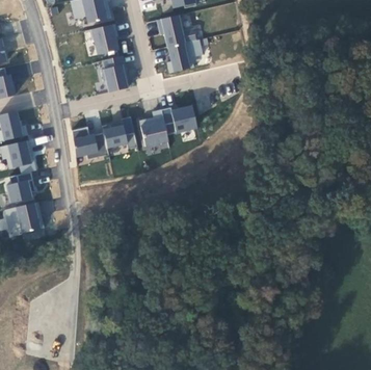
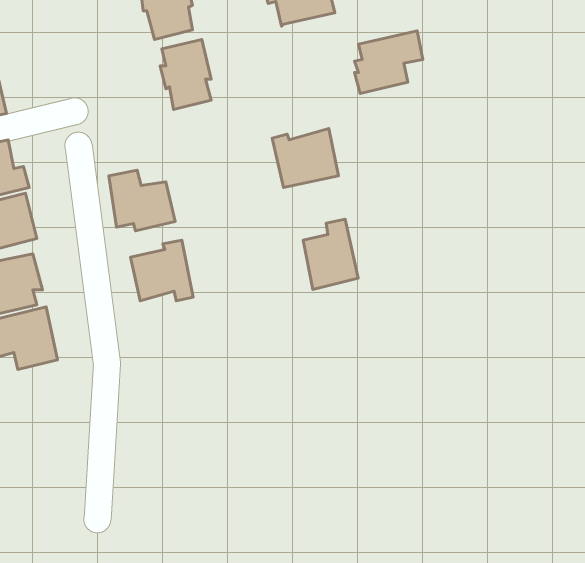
building: [165,39,203,74] -> [355,31,423,93]
building: [138,109,168,148] -> [303,219,358,289]
building: [102,116,136,150] -> [131,240,193,301]

